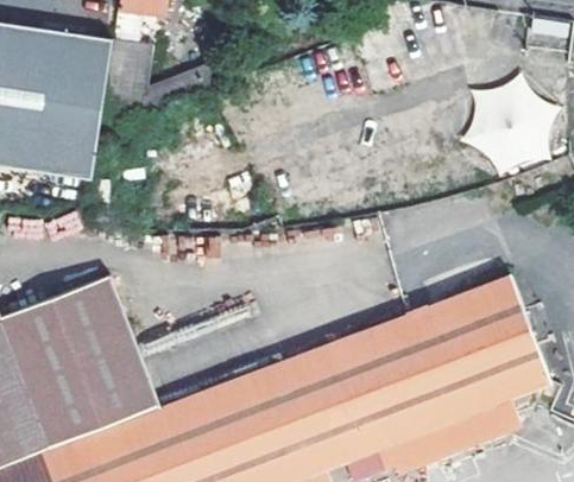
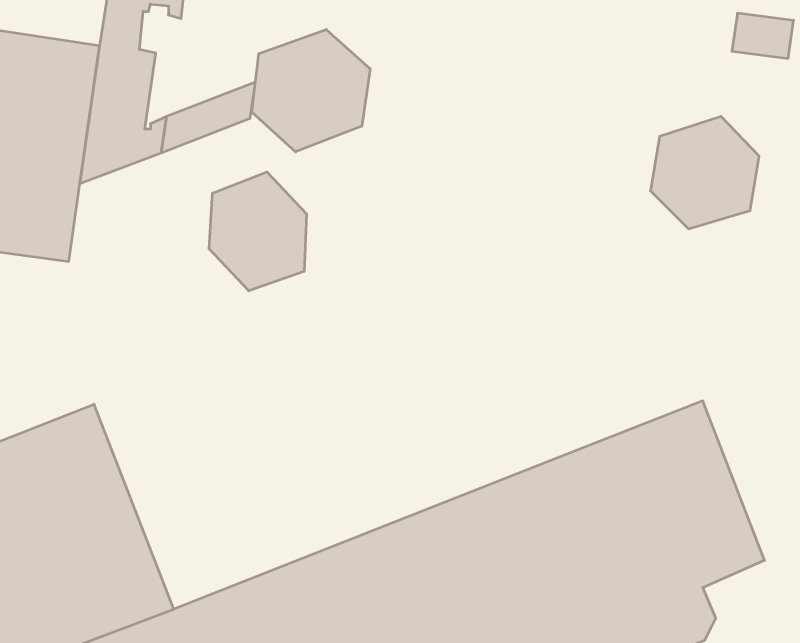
building: none -> [252,29,370,152]
building: none -> [209,172,307,291]

